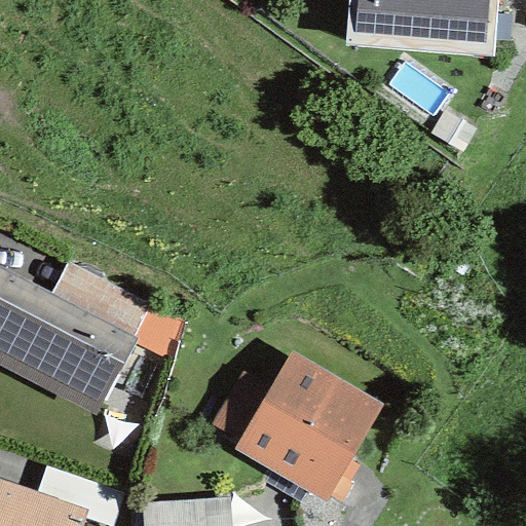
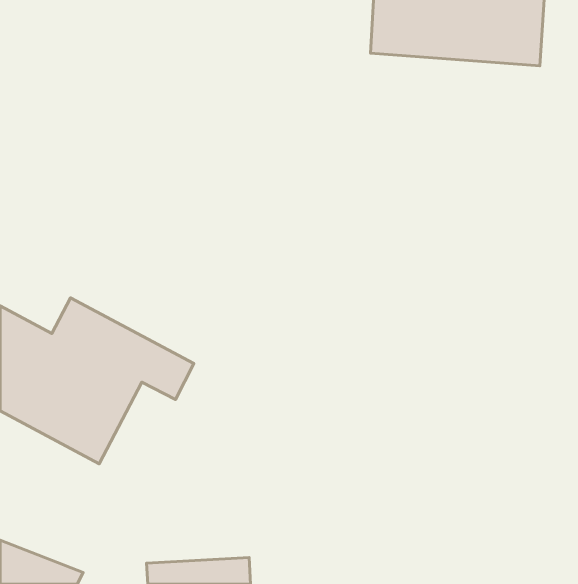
building: [219,350,385,504] -> none

